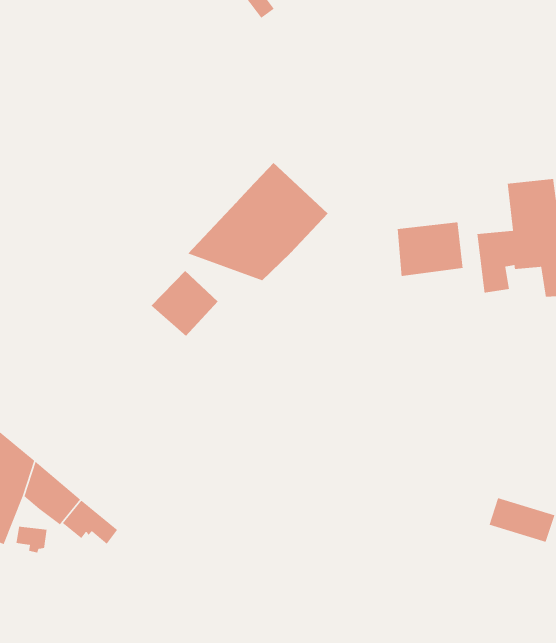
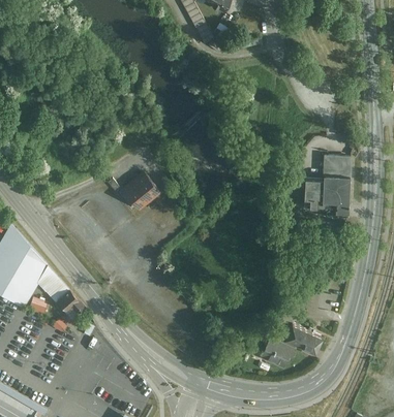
building: [187,162,328,281] -> none
building: [397,222,464,277] -> none
building: none -> [261,338,296,368]

